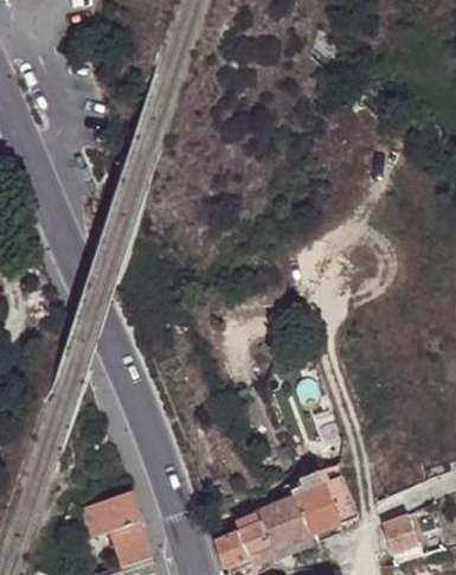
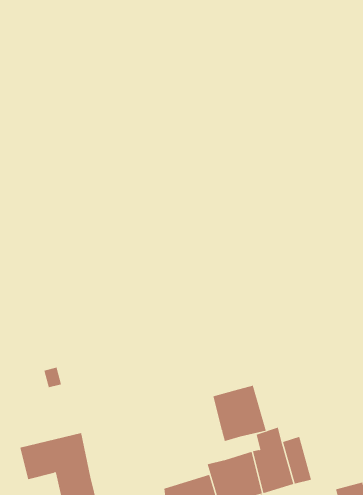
building: none -> [213,385,266,442]

